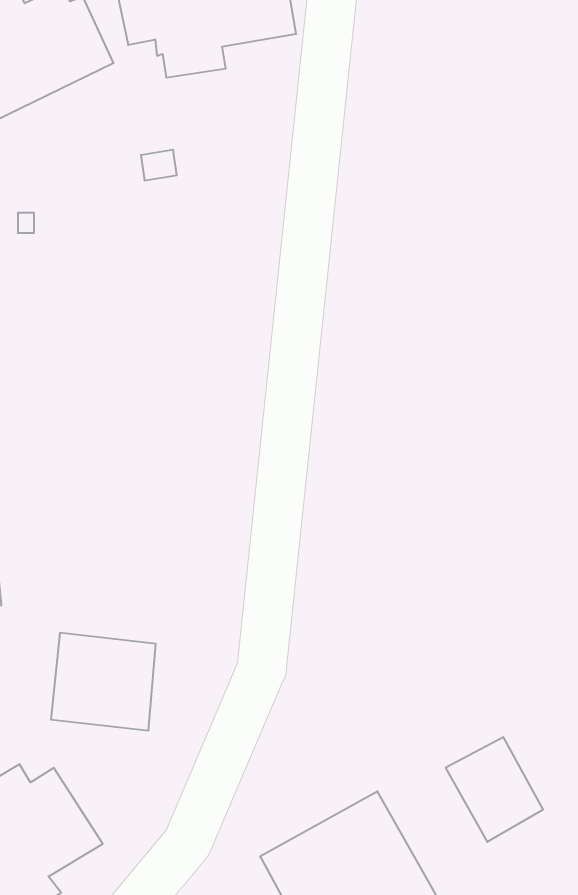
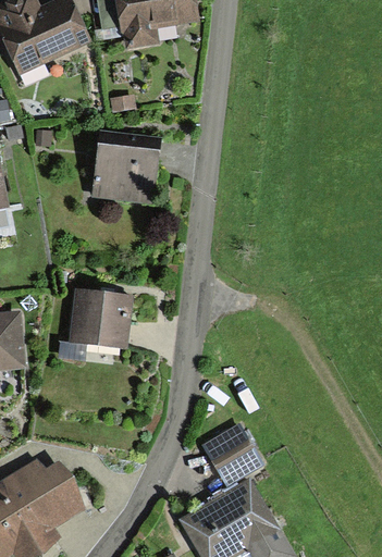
building: none -> [89,134,160,202]
building: [51,633,156,730] -> [69,289,132,348]
building: [446,737,543,842] -> [204,422,262,485]

